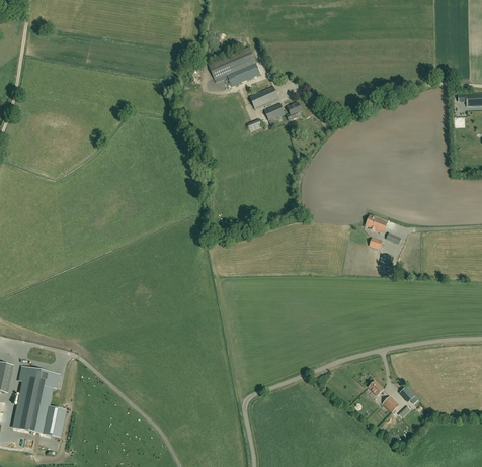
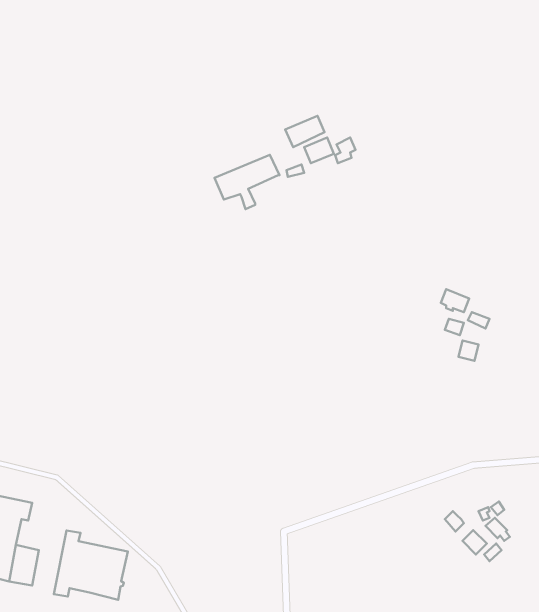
building: [208,48,256,88] -> [214,155,279,209]
building: none -> [54,530,128,600]

